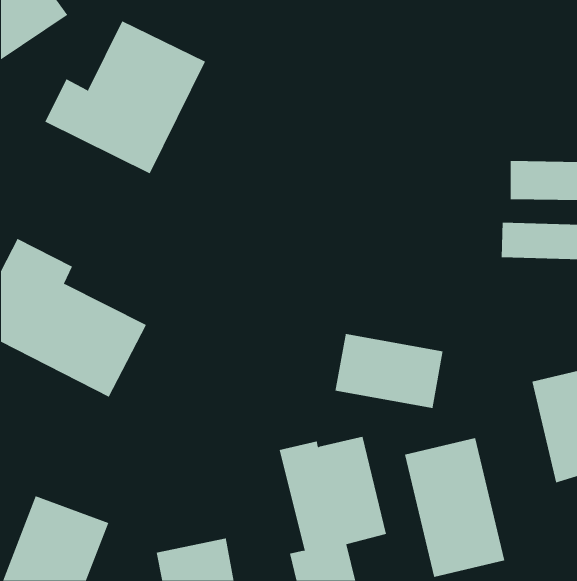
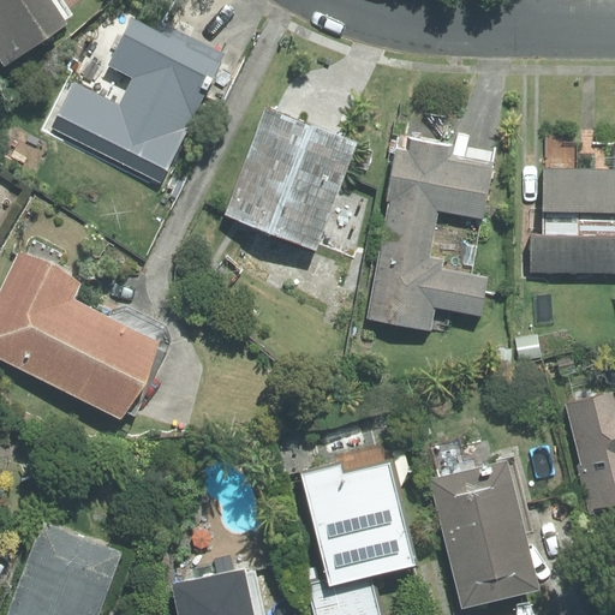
building: none -> [228,108,356,245]
building: none -> [364,145,492,329]
building: [335,333,443,409] -> none

